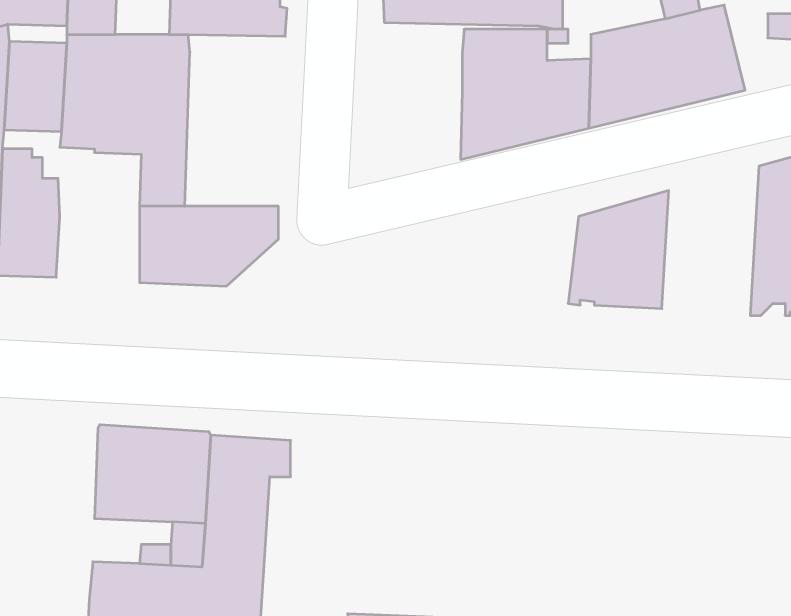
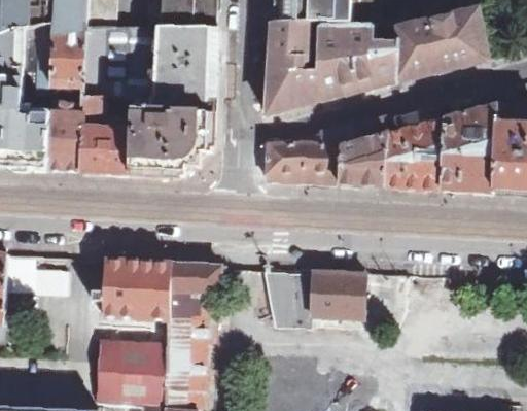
building: none -> [267,20,322,114]
building: none -> [156,36,215,128]
building: none -> [80,93,130,173]
building: none -> [440,104,497,193]
building: none -> [266,115,390,186]
building: none -> [314,273,365,316]
building: none -> [269,277,294,326]

